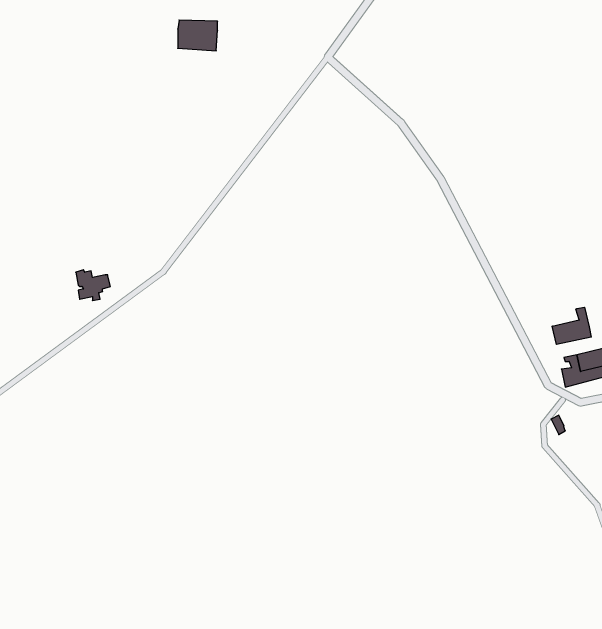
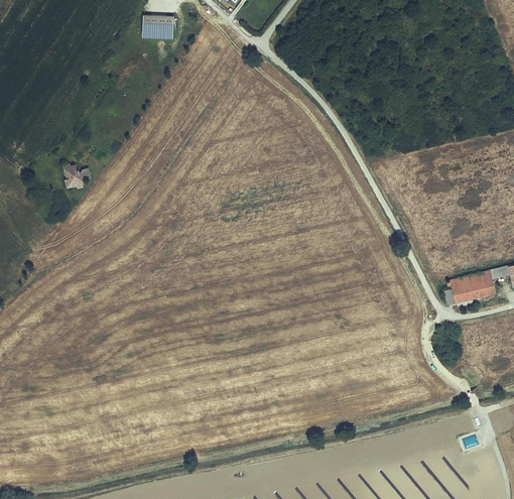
building: [76,270,110,301] -> [63,164,91,189]
building: [552,307,591,344] -> none

